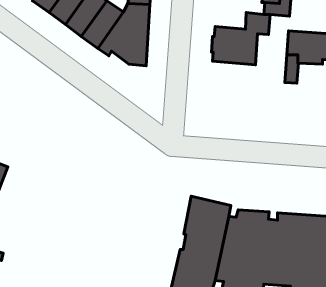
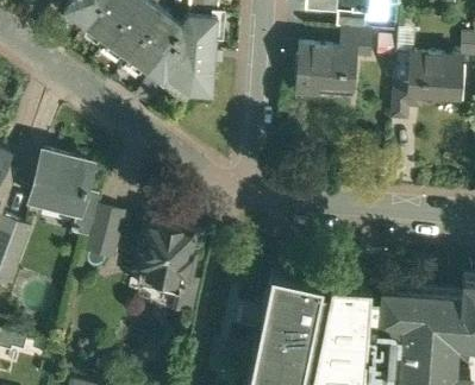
building: none -> [30,150,90,212]
building: none -> [83,208,124,255]
building: none -> [133,220,194,294]

